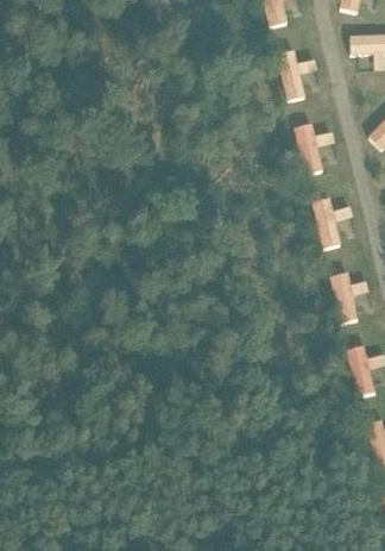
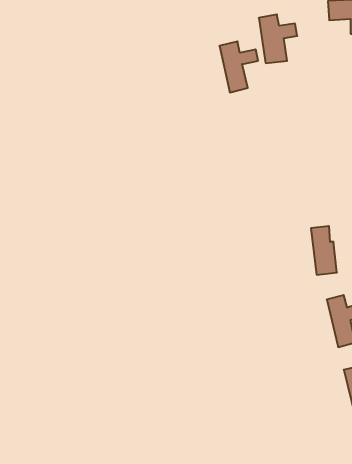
building: [291,123,332,176] -> [219,41,258,92]
building: [309,198,348,249] -> none

